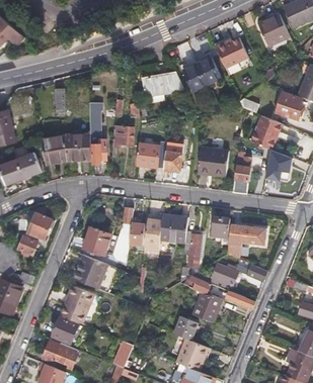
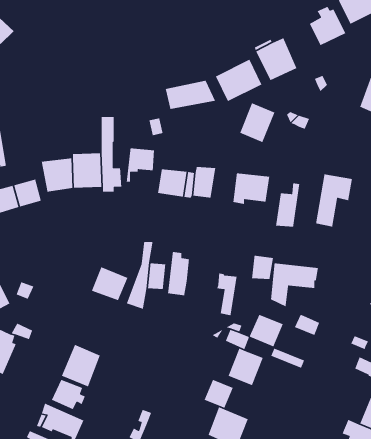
building: [278,93,304,121] -> none
building: [253,116,283,150] -> [239,102,275,143]
building: [30,203,54,236] -> none
building: [161,211,188,240] -> none
building: [72,253,105,286] -> none

